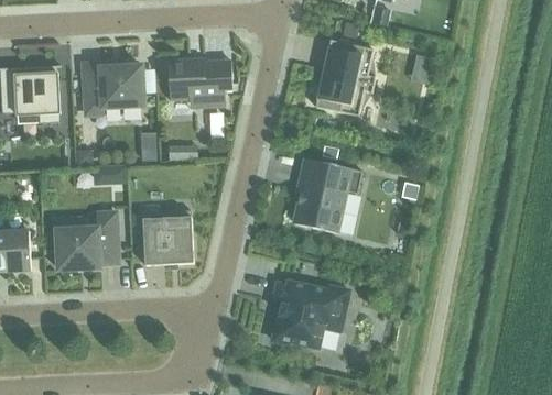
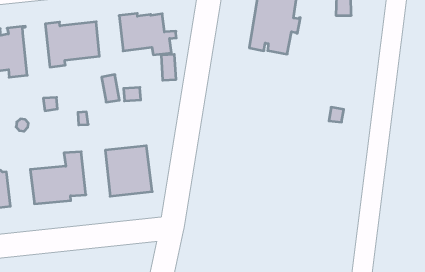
building: [293,157,361,232] -> none
building: [271,281,348,348] -> none

